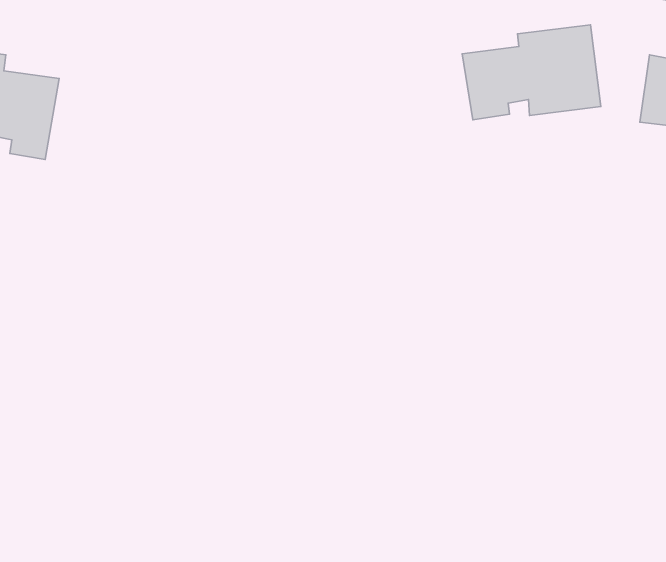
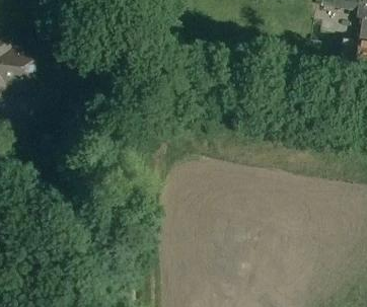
building: [462,25,601,120] -> none

